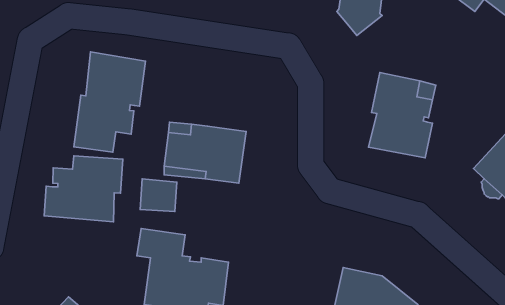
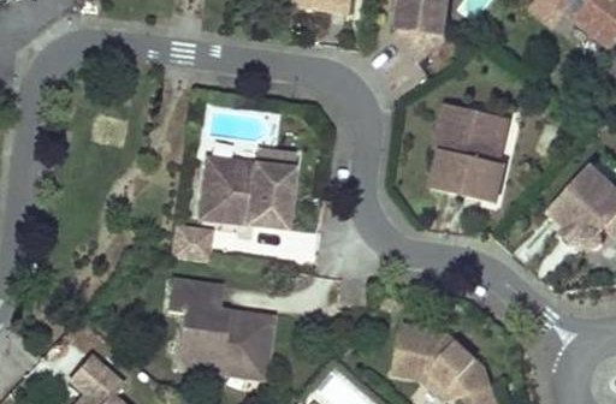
building: [74,52,146,152] -> none
building: [44,156,123,222] -> none

